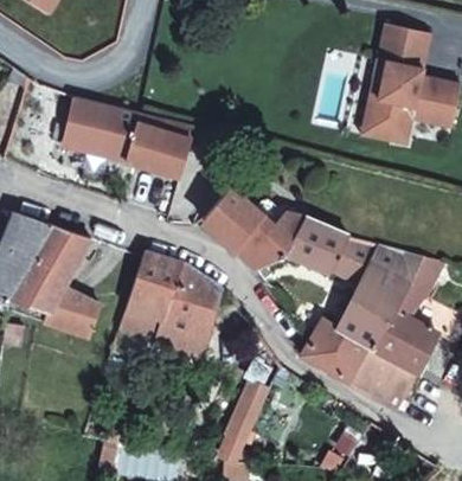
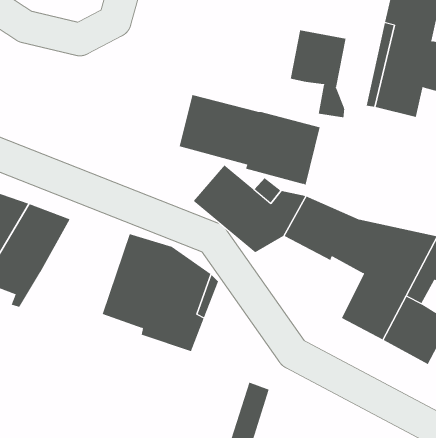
building: none -> [290,29,346,118]
building: [64,95,193,178] -> [179,95,321,186]
building: [44,288,100,335] -> none
building: [302,321,416,406] -> none

